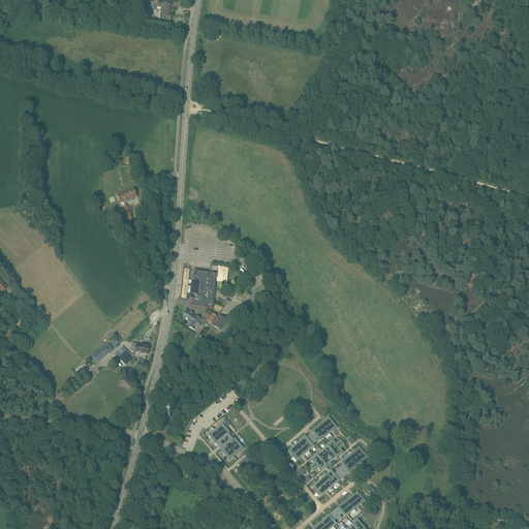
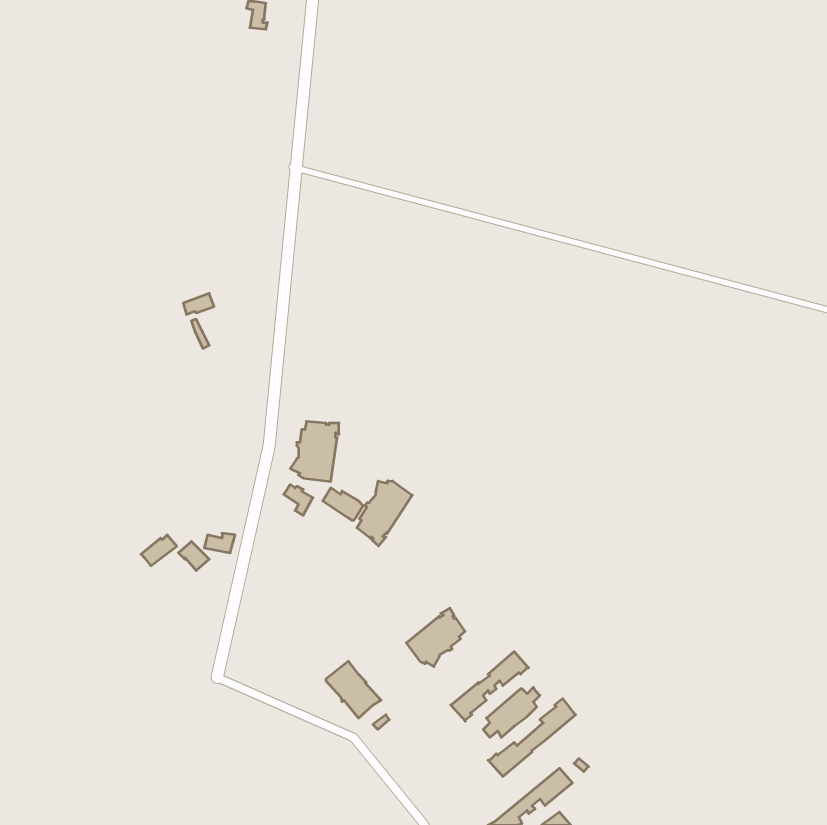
building: none -> [357,481,412,546]
building: none -> [406,608,465,667]

